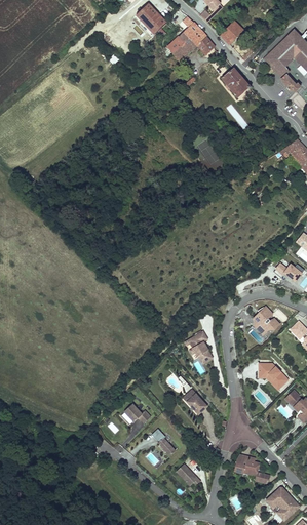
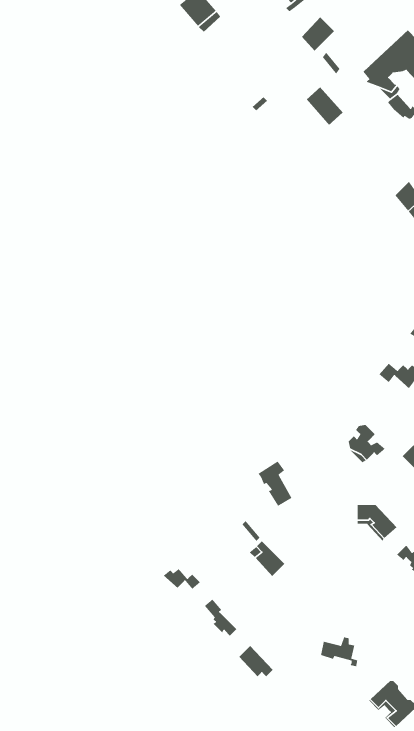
building: [167,23,215,60] -> none

